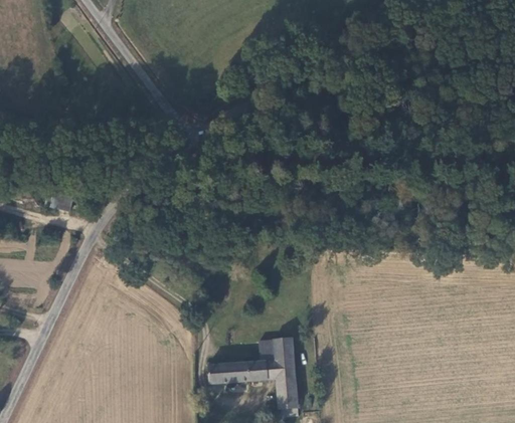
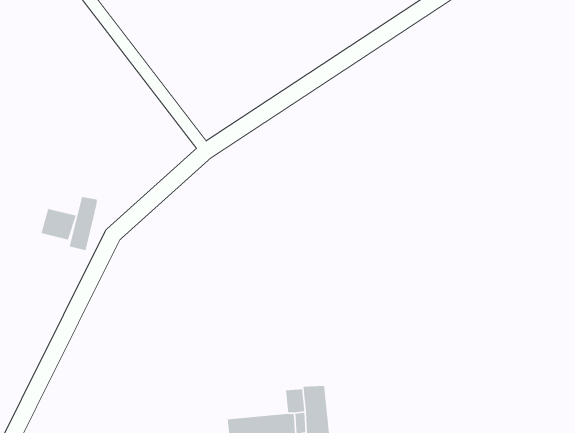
building: none -> [69,196,98,251]

